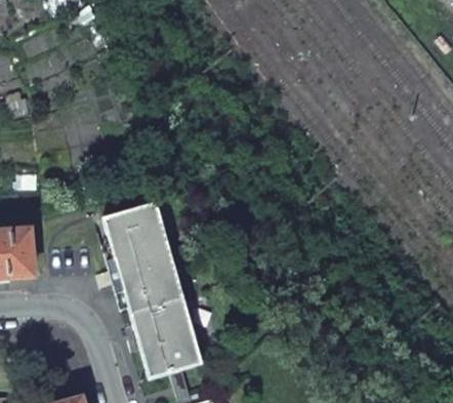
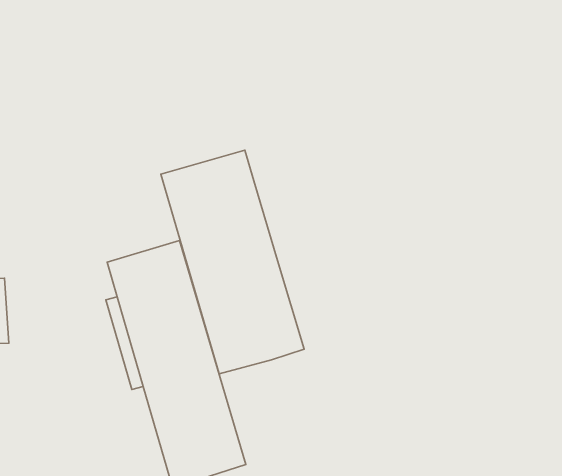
building: none -> [161,150,304,374]

